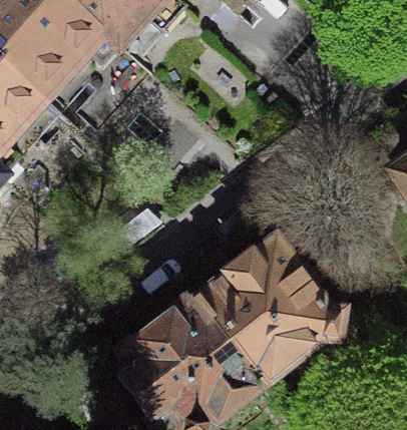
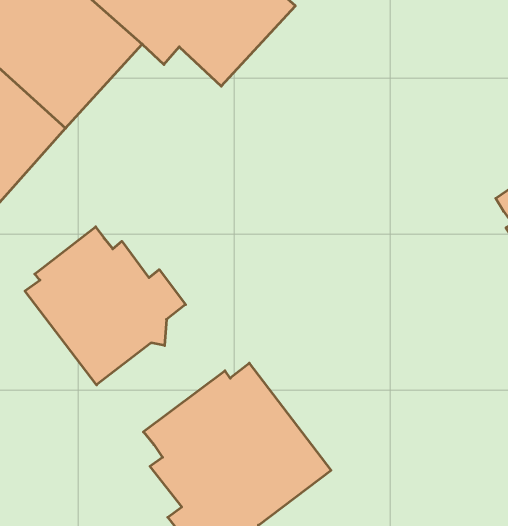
building: none -> [25,227,186,385]
building: [196,216,334,379] -> none

